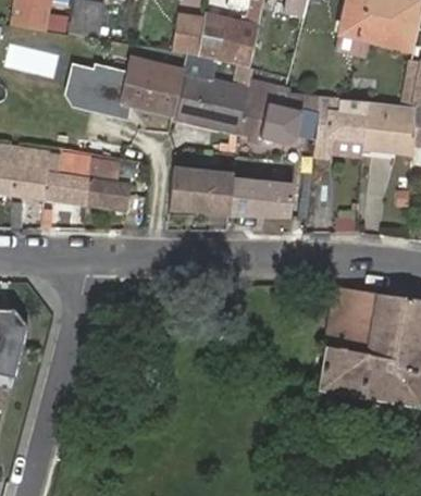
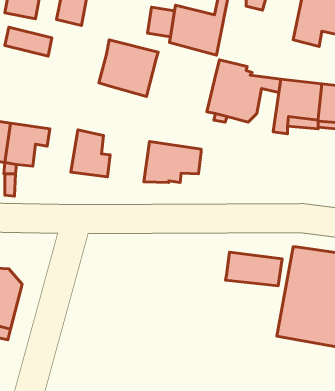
building: [63,60,132,120] -> none
building: [171,73,250,134] -> none
building: [41,148,92,202] -> none
building: [228,179,293,218] -> [226,252,282,286]

